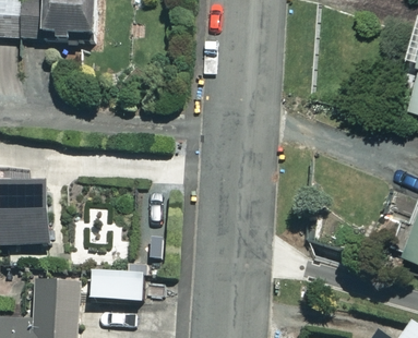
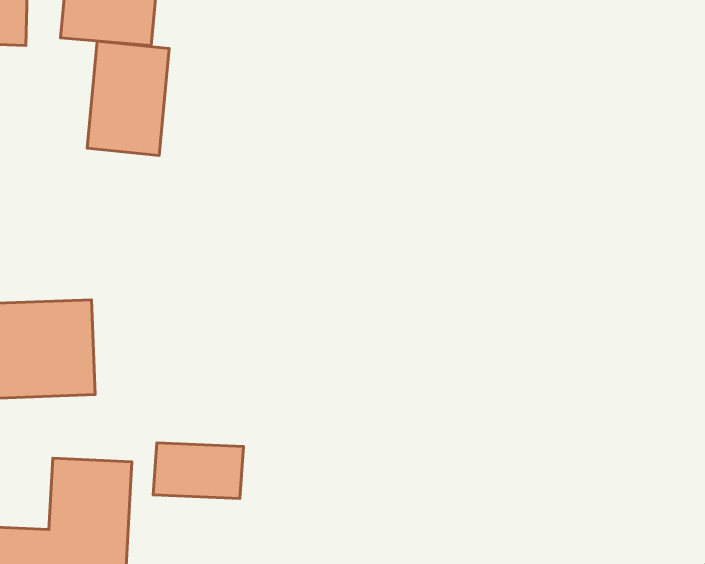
building: none -> [87,41,169,155]

